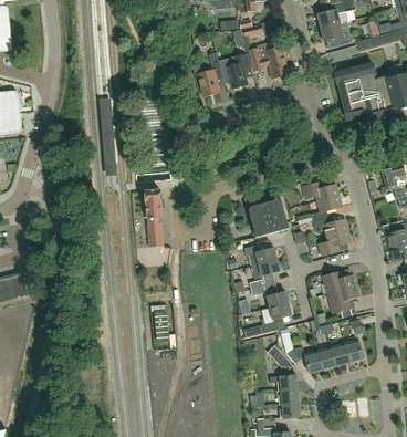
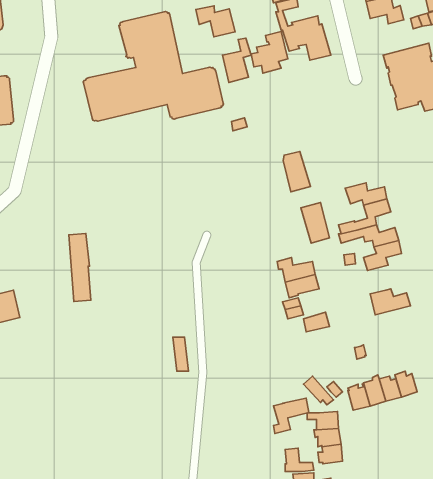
building: none -> [196,6,235,37]
building: none -> [83,12,223,121]
building: [145,189,164,247] -> [69,234,91,301]
building: [250,202,273,237] -> [283,151,310,192]
building: [327,285,359,318] -> none
building: [261,303,291,333] -> [274,398,309,433]

